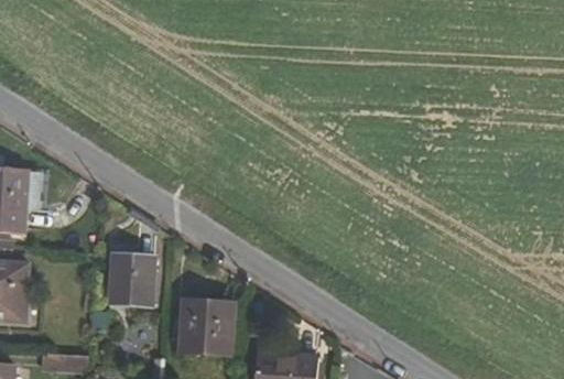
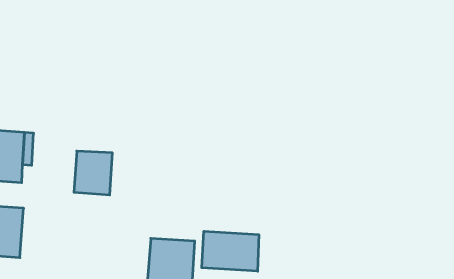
building: [109,253,155,306] -> [74,151,112,195]
building: none -> [202,231,259,271]

